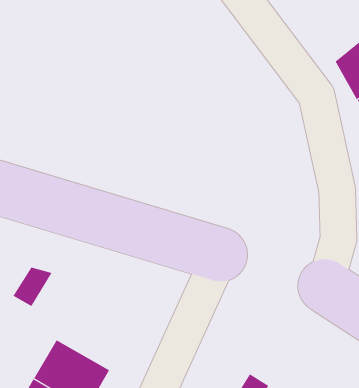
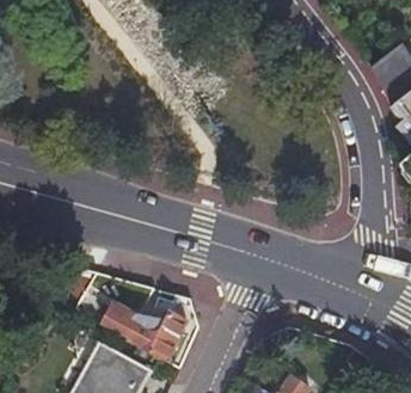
building: none -> [100,308,185,363]

